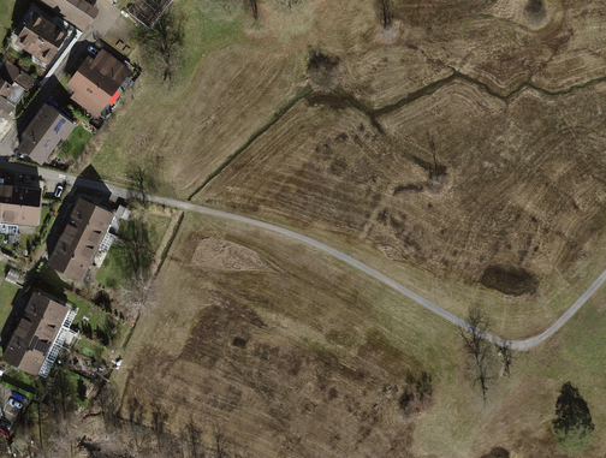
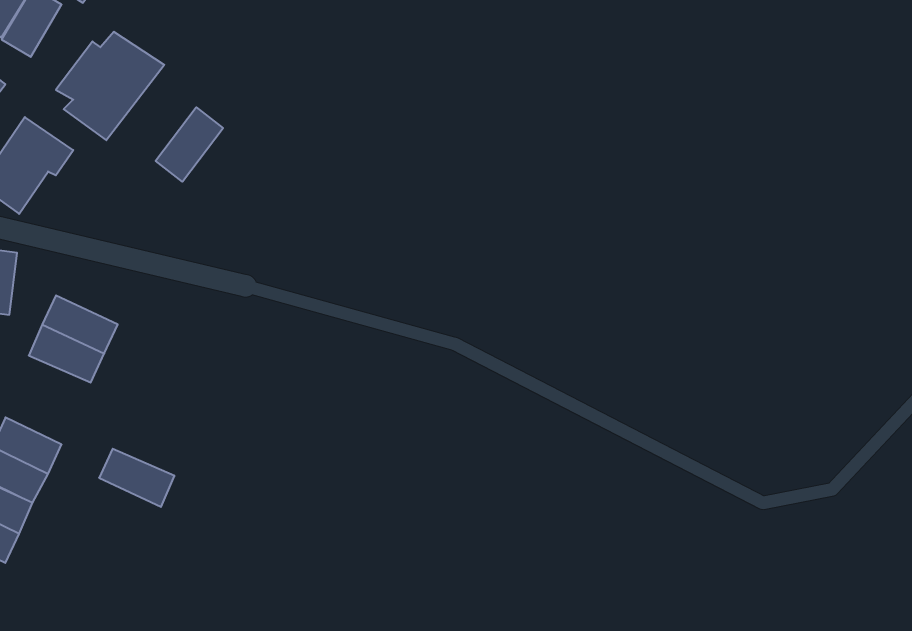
building: none -> [156,107,223,182]
building: [66,194,113,230] -> none
building: [41,250,88,286] -> [99,449,175,507]

